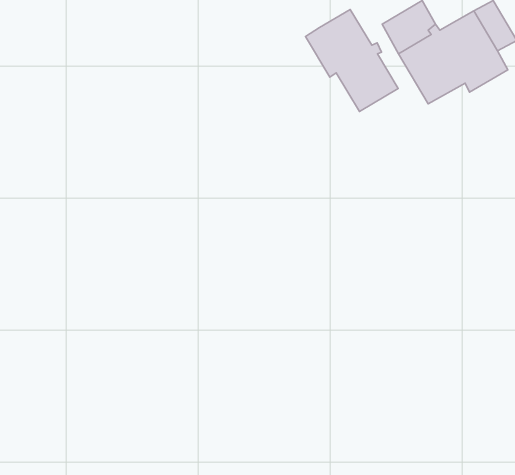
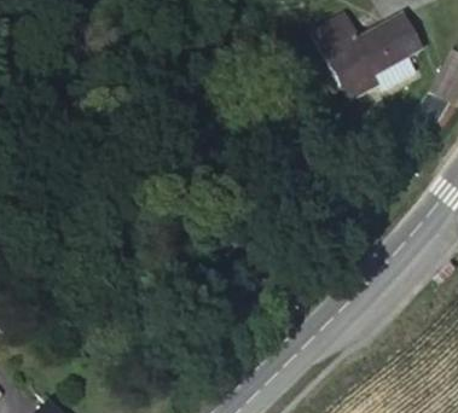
building: [305,9,398,111] -> none

